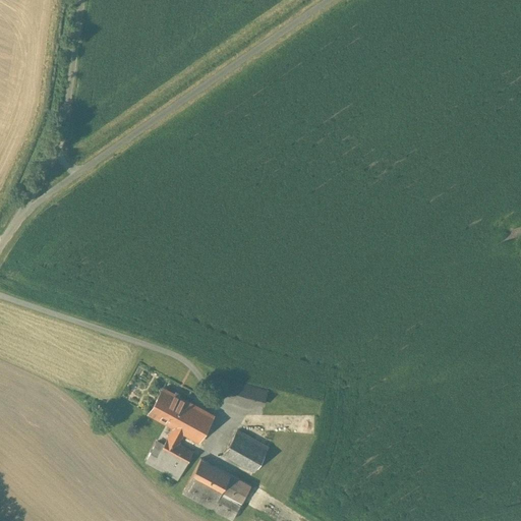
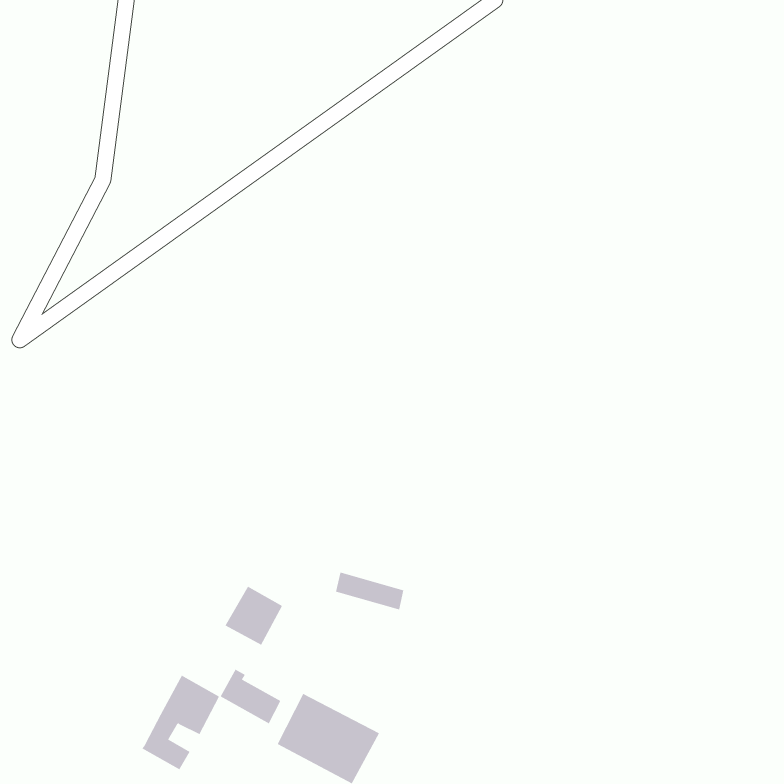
building: [162,402,214,465] -> [141,675,220,770]
building: [225,431,269,472] -> none

